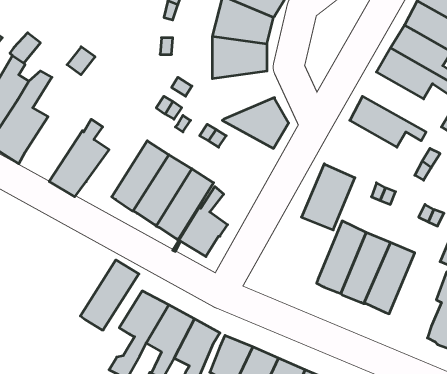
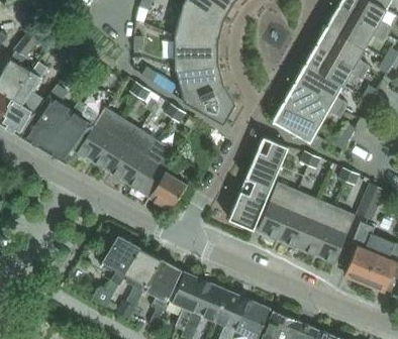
building: none -> [175,63,224,101]
building: none -> [294,64,349,111]
building: none -> [22,82,72,150]
building: none -> [273,102,326,149]
building: none -> [228,179,271,230]
building: none -> [315,207,356,263]
building: [80,260,139,330] -> [77,107,123,162]

